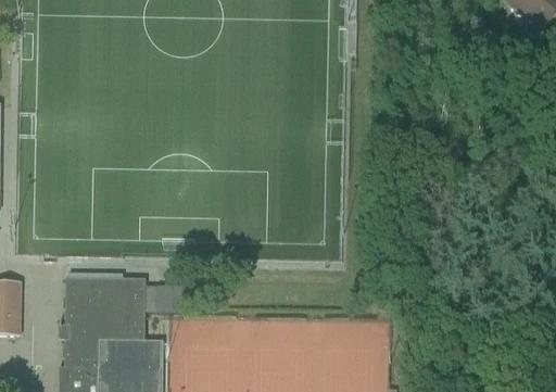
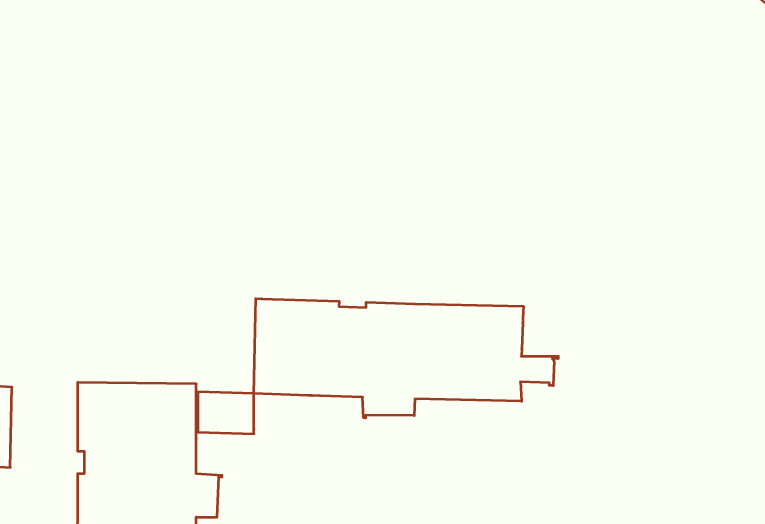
building: none -> [254,299,558,418]

